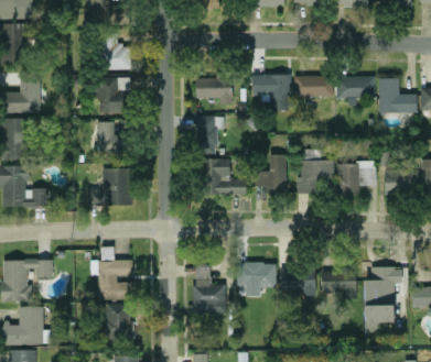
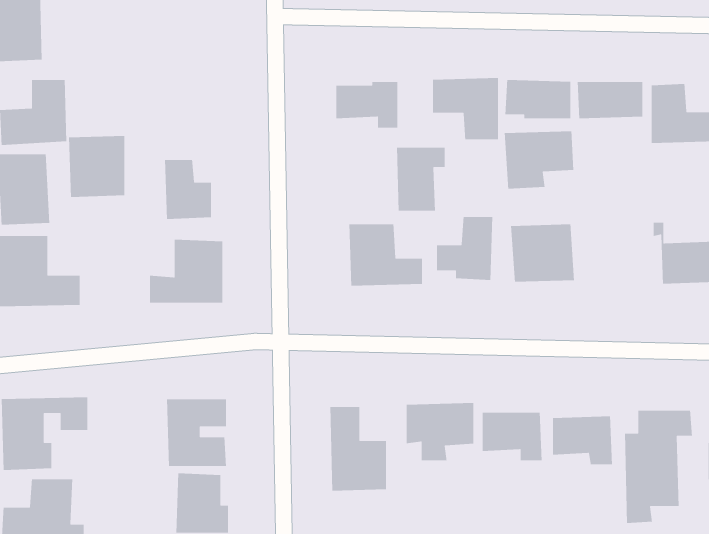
building: [100,35,131,69] -> none
building: [97,77,130,113] -> [68,135,125,198]
building: [195,116,224,153] -> [396,147,445,212]
building: [336,162,377,196] -> [504,130,574,189]

